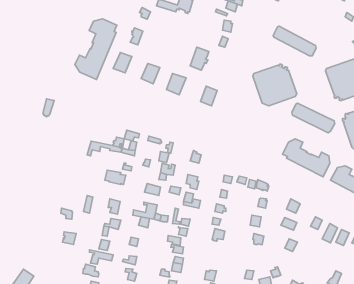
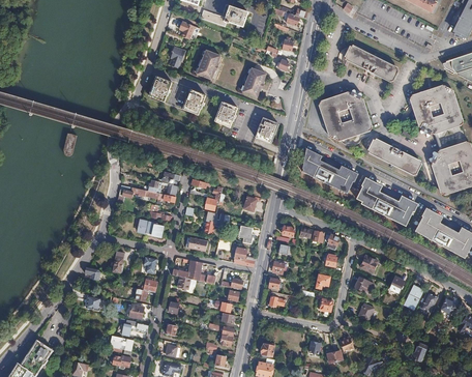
building: [75,19,117,79] -> none
building: none -> [196,51,219,79]
building: none -> [300,149,353,195]

